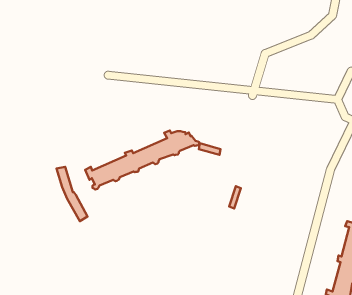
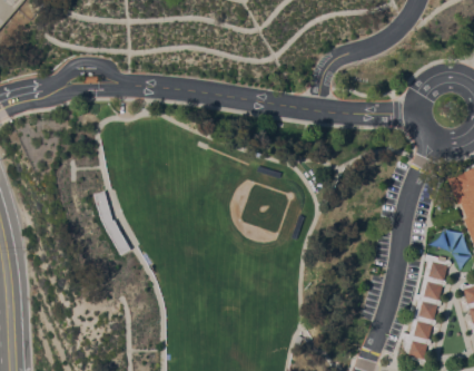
building: [85,131,199,189] -> none

